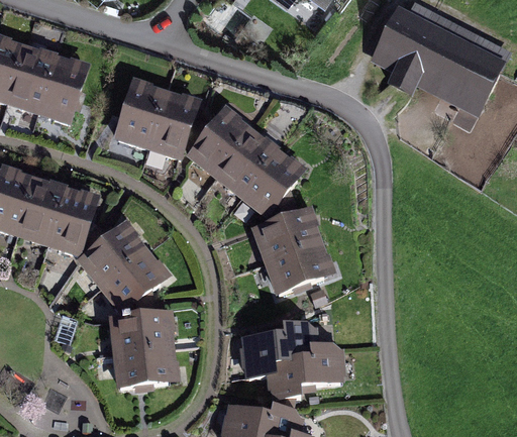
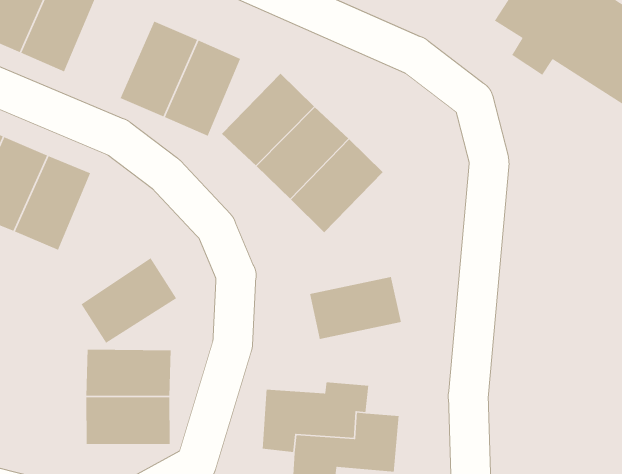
building: [252,211,321,263] -> none
building: [79,224,147,290] -> none

